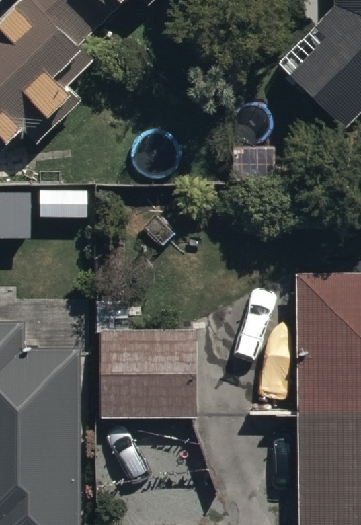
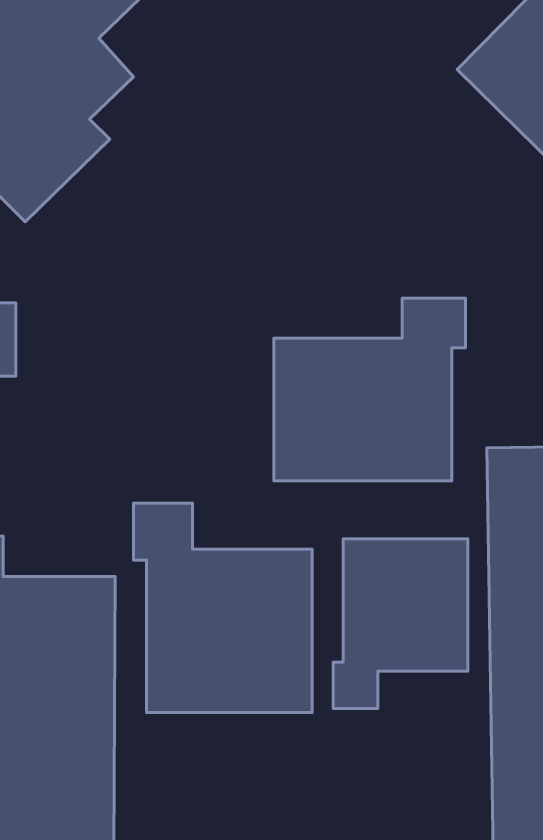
building: none -> [274,298,466,481]
building: none -> [333,539,468,708]

